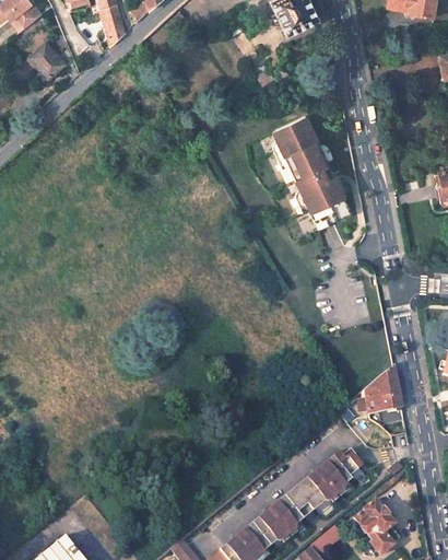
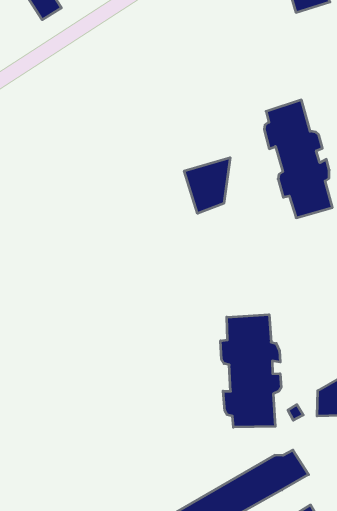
building: none -> [184,158,230,213]
building: none -> [221,315,281,427]

